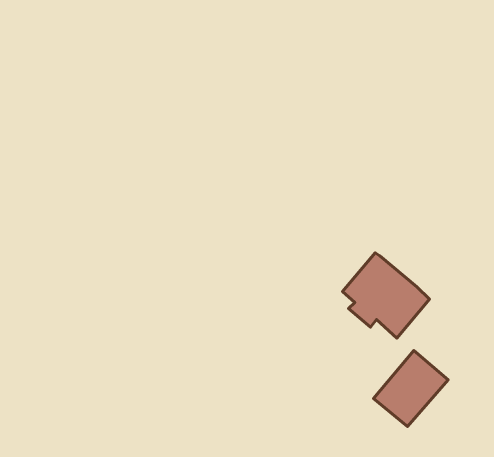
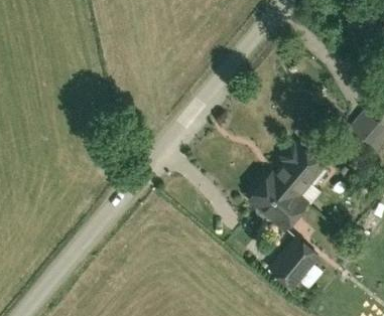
building: none -> [275,143,326,195]

